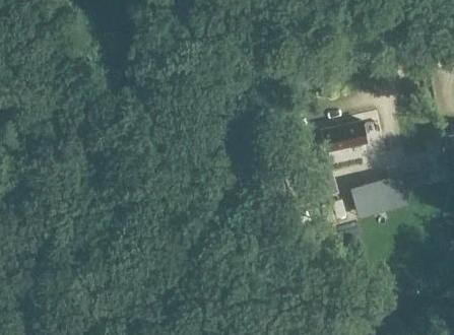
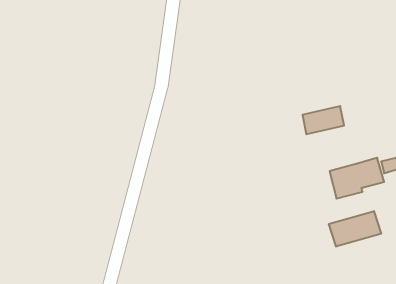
building: none -> [329,211,381,247]

